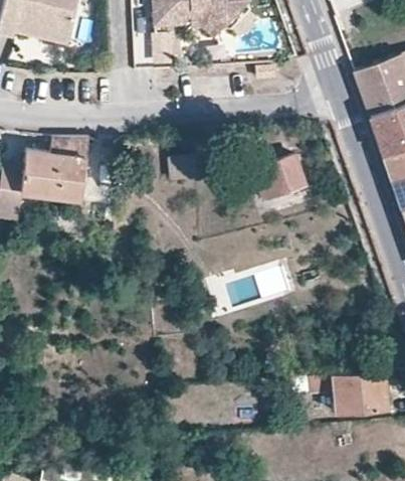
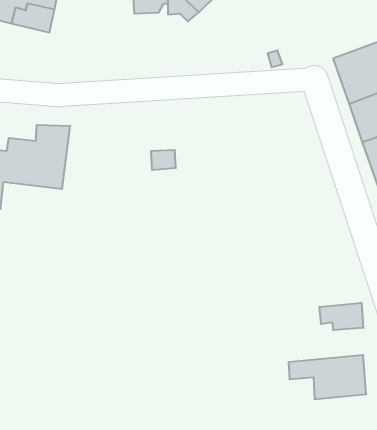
building: [252,157,306,202] -> none
building: none -> [319,303,363,330]

